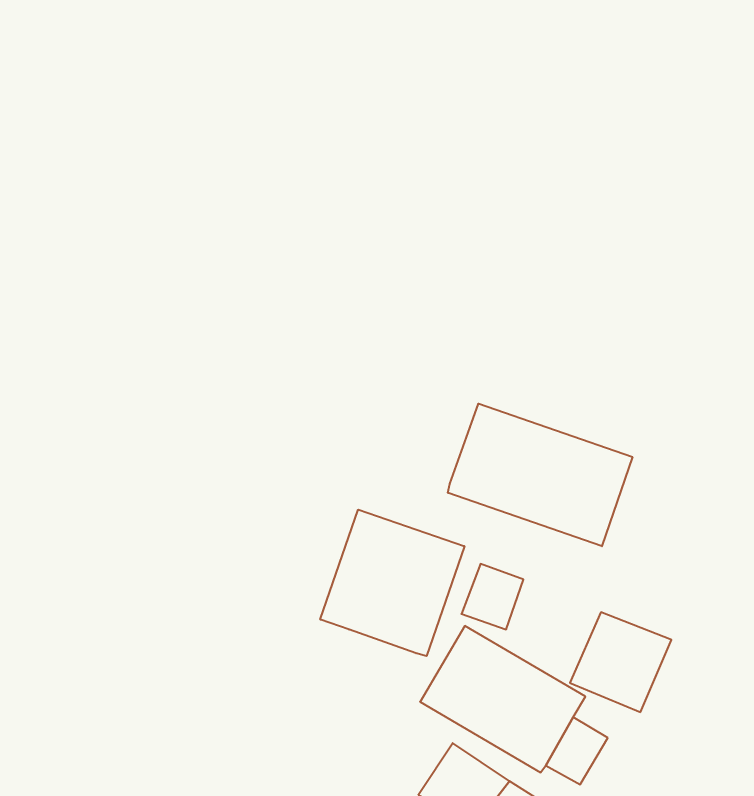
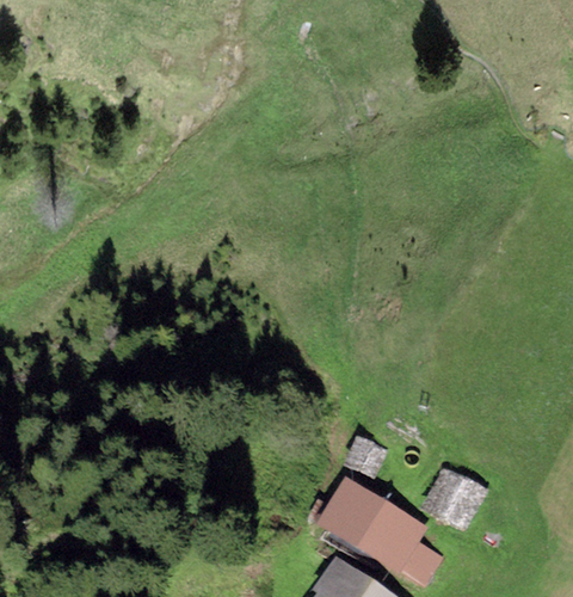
building: [448,404,632,546] -> none
building: [320,510,464,656] -> none

